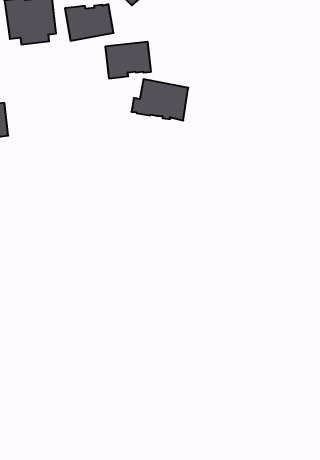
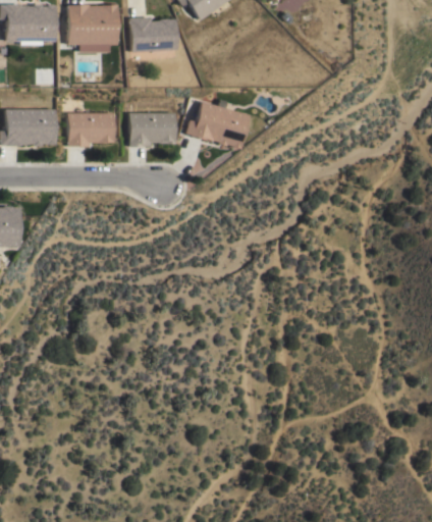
building: [105,42,151,78] -> [130,113,175,147]
building: none -> [68,113,114,147]

